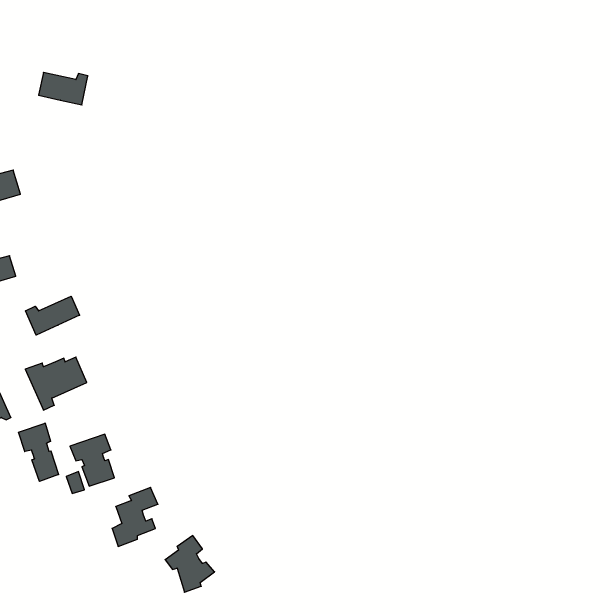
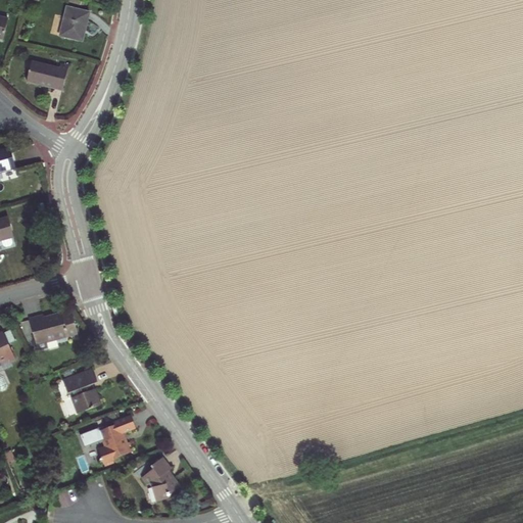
building: none -> [55,8,94,41]
building: [26,296,80,335] -> none
building: [19,423,59,481] -> none

